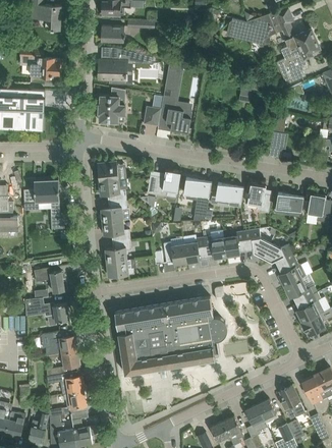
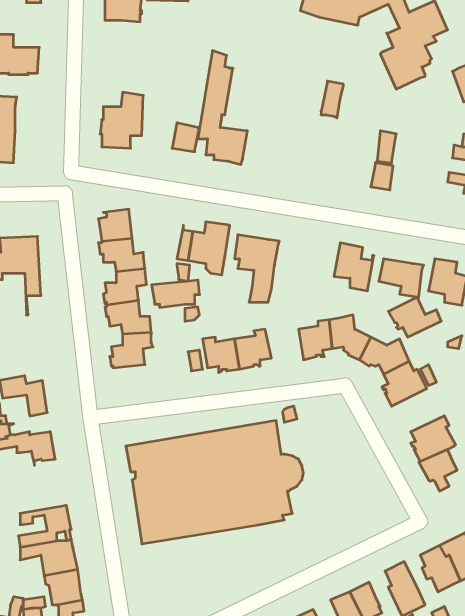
building: [99,48,153,86] -> none
building: [210,183,243,208] -> none
building: [203,237,227,260] -> none
building: [106,260,136,277] -> [152,280,200,307]
building: [283,278,317,303] -> [388,297,441,337]
building: [46,332,76,355] -> none

